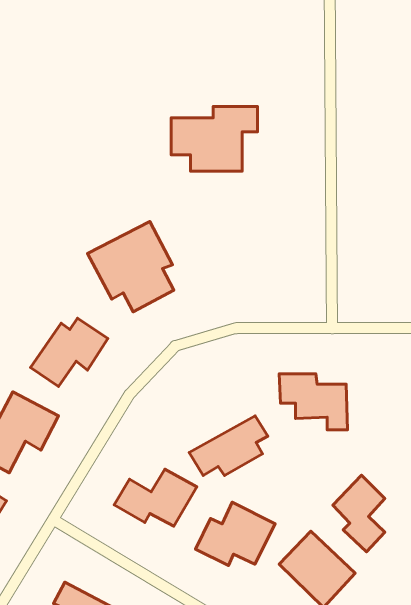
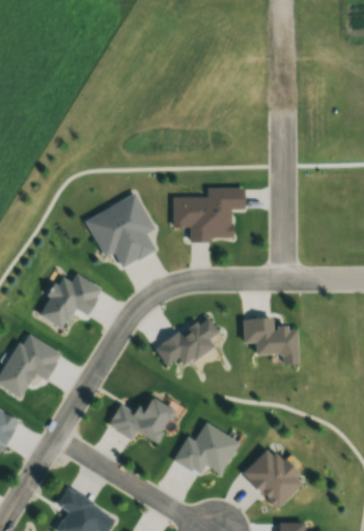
building: [171,107,258,171] -> [174,188,245,241]
building: [189,416,268,475] -> [155,316,219,365]
building: [333,475,385,552] -> none

